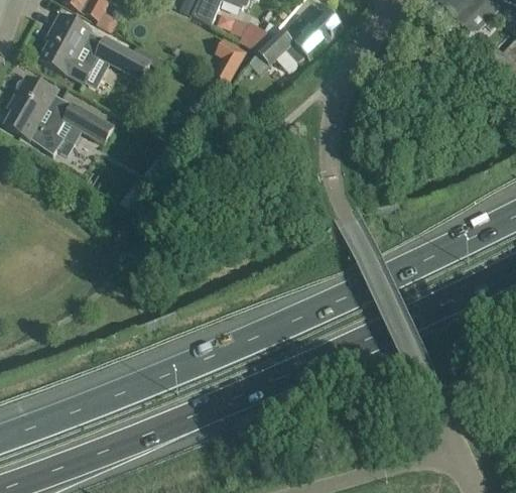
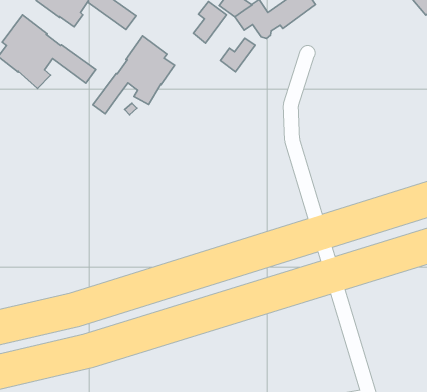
building: none -> [221,38,255,72]
building: none -> [93,36,175,114]

